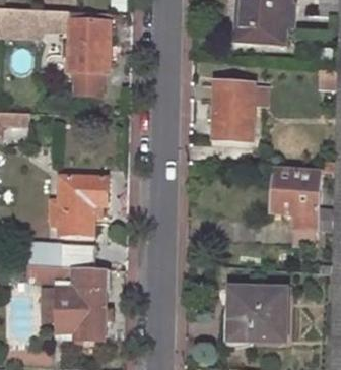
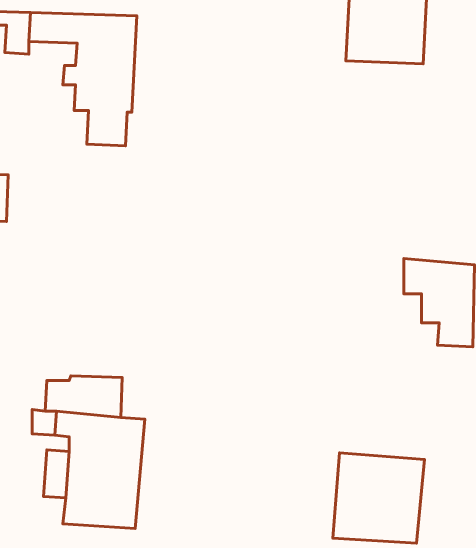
building: [213,82,257,140] -> none
building: [48,175,106,233] -> none

